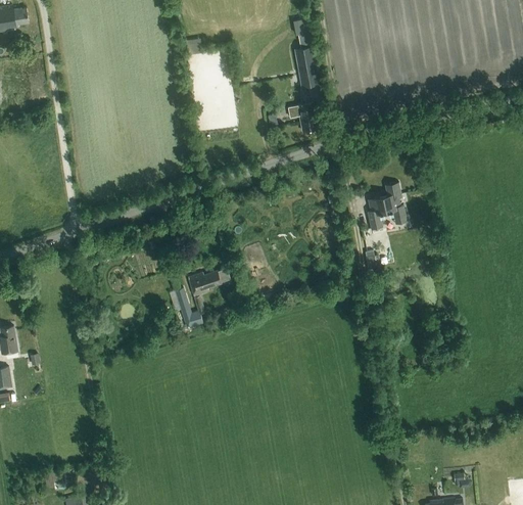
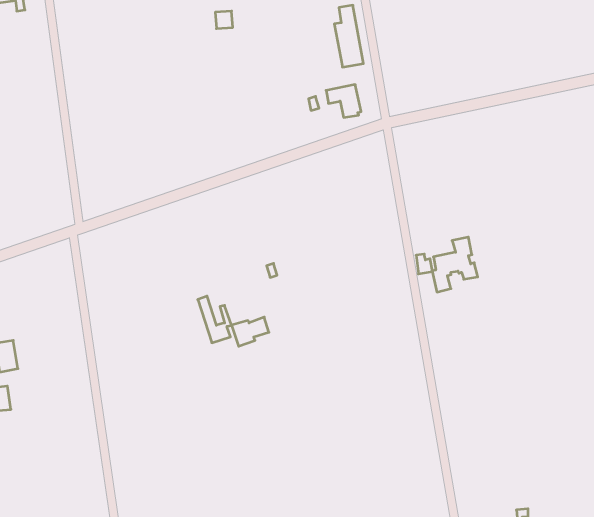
building: [366,182,406,230] -> [432,237,478,292]
building: [188,270,221,295] -> [232,317,269,346]

